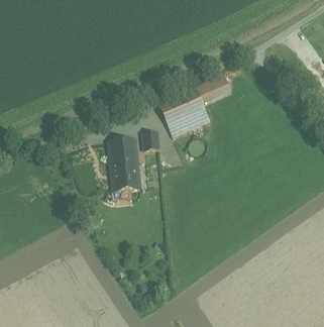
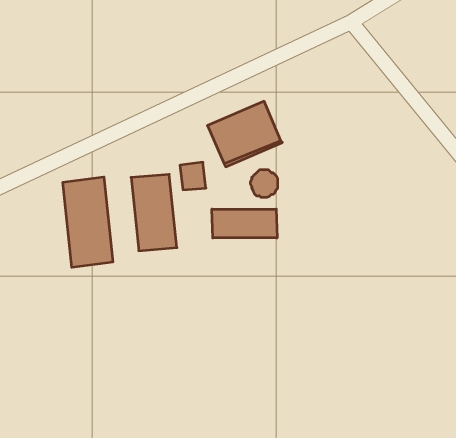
building: none -> [63,177,113,267]
building: none -> [212,209,277,238]

